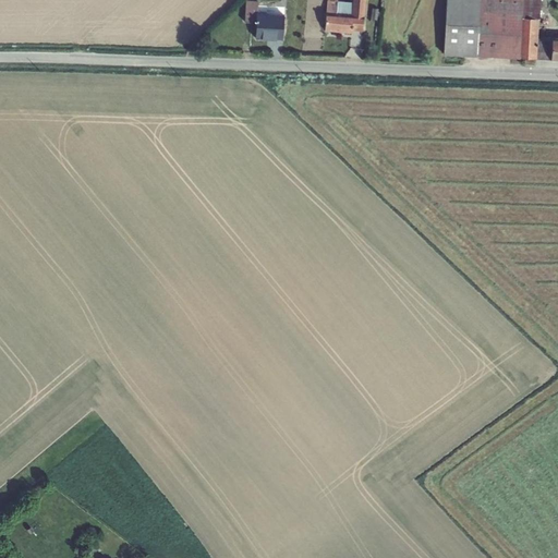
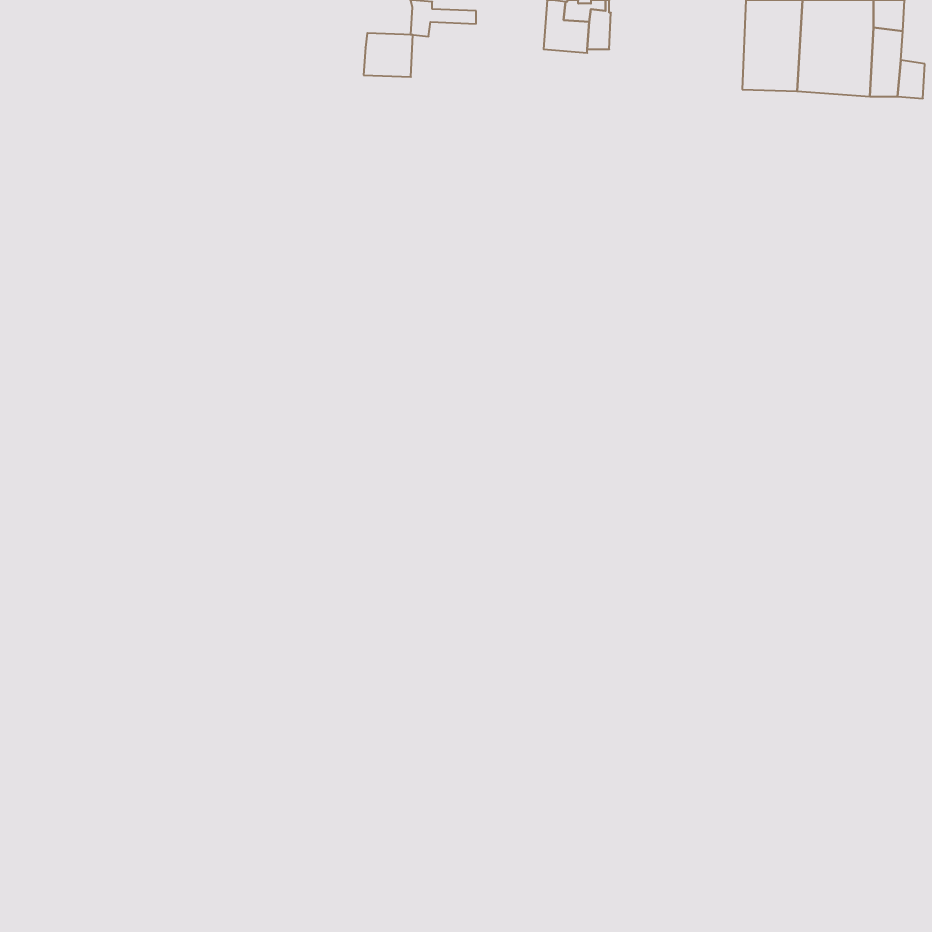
building: [255,13,284,39] -> [364,33,413,77]

